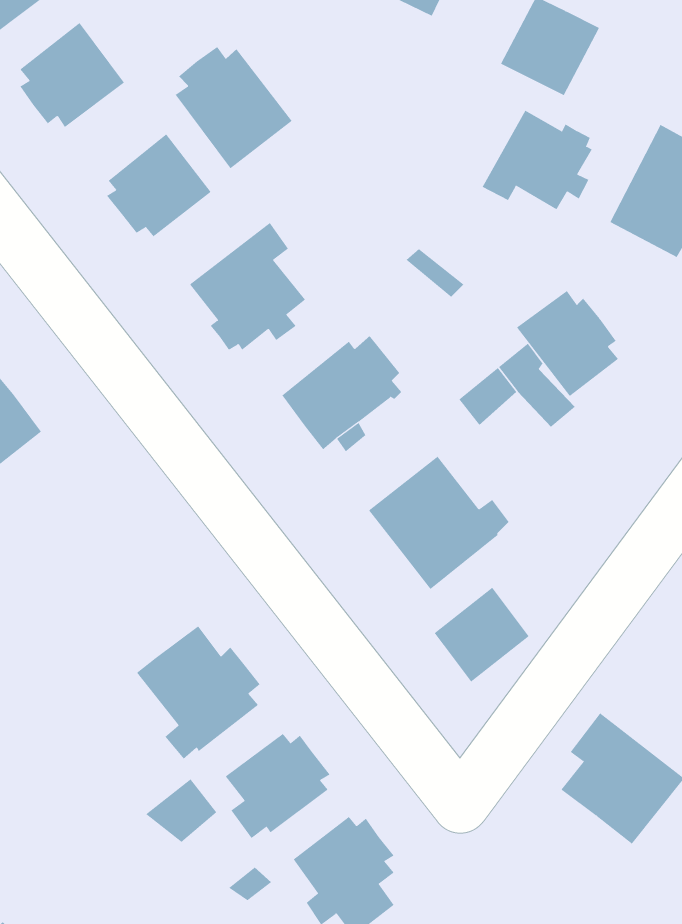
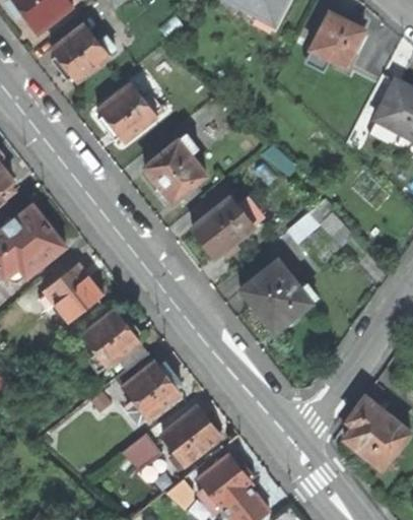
building: [175,46,293,169] -> none
building: [482,110,592,210] -> none
building: [516,290,619,397] -> none
building: none -> [46,264,104,322]
building: none -> [82,310,148,369]
building: [434,587,529,682] -> none

